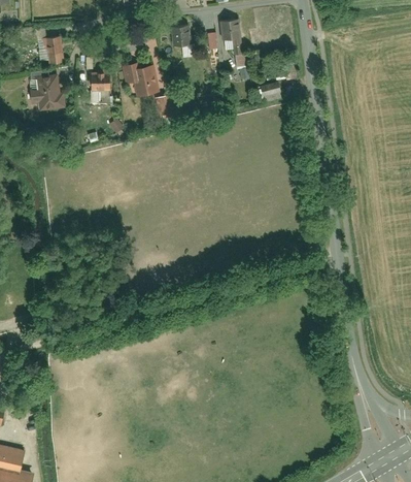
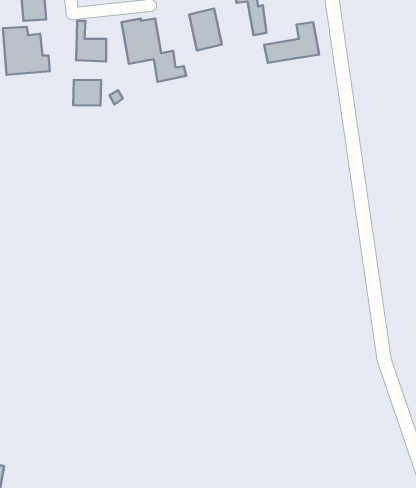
building: none -> [189,9,222,50]
building: none -> [73,80,101,106]

